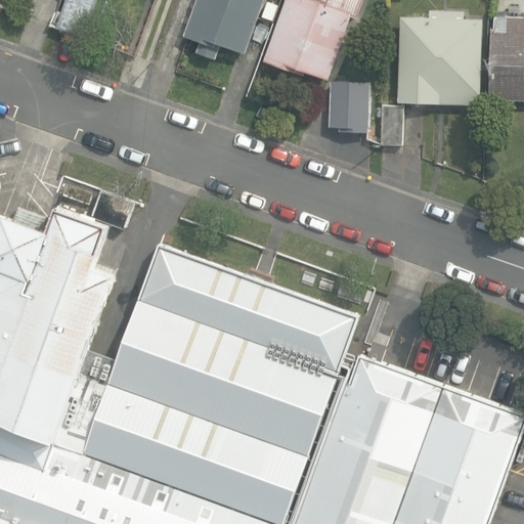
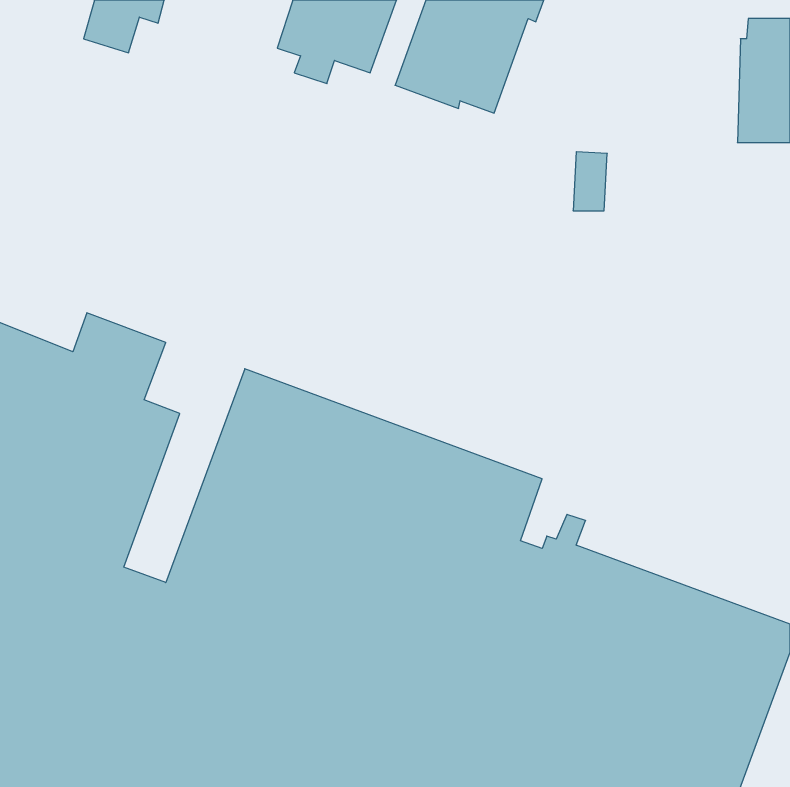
building: [397,9,481,102] -> none
building: [329,82,367,124] -> none

